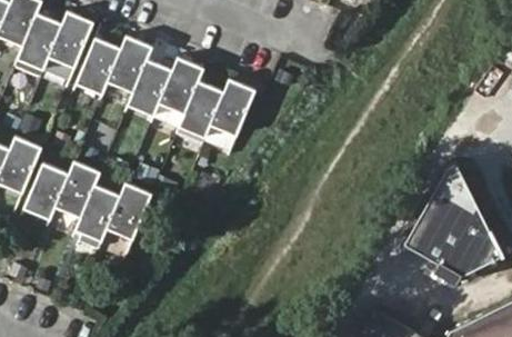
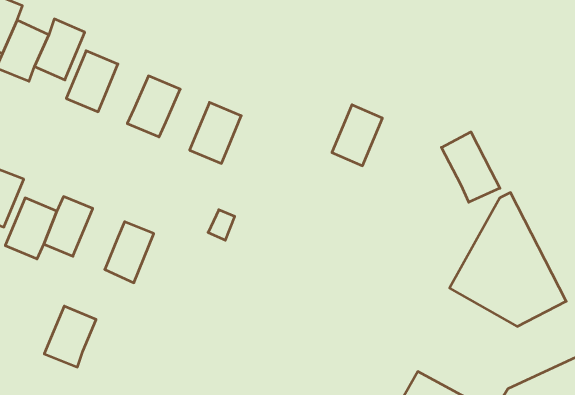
building: [110,42,151,92] -> none
building: [161,63,203,113] -> none
building: [213,85,255,136] -> [332,105,382,166]
building: none -> [441,132,500,202]
building: [78,189,121,240] -> [44,306,96,367]

